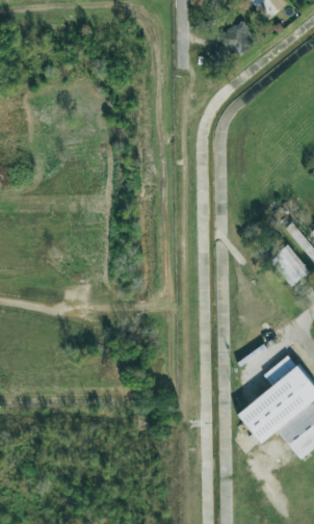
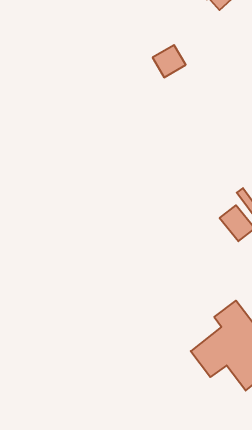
building: [219,20,258,57] -> [153,45,186,77]

